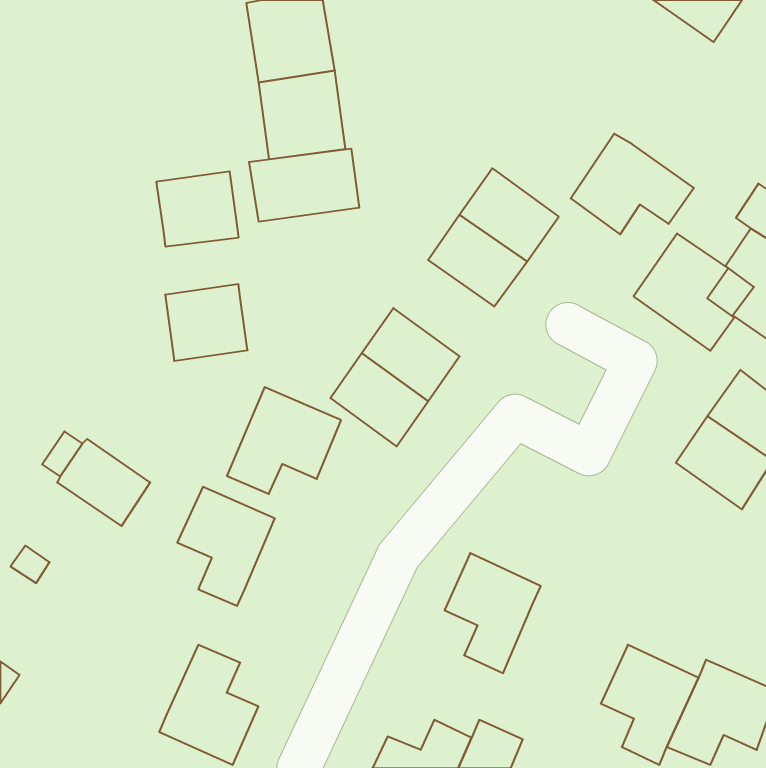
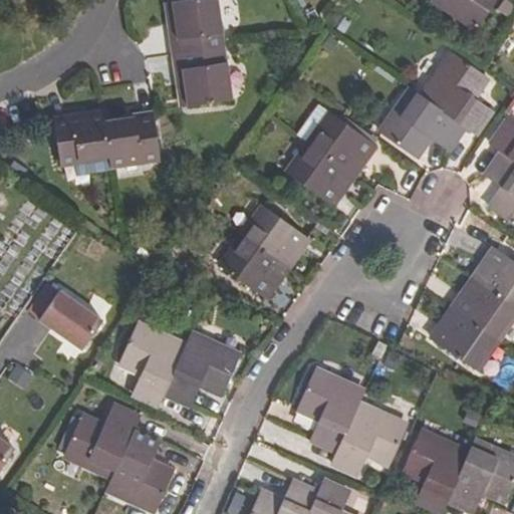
building: [249,149,359,222] -> none
building: [634,233,734,351] -> [424,54,491,133]
building: [165,284,248,361] -> [55,112,110,164]
building: [227,387,341,494] -> [165,334,241,406]
building: none -> [431,309,497,370]
building: none -> [332,403,407,474]
building: none -> [64,406,140,477]

